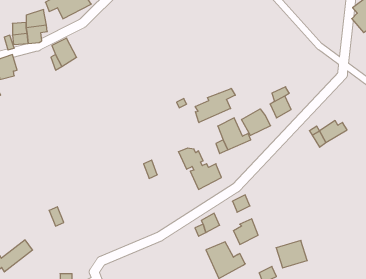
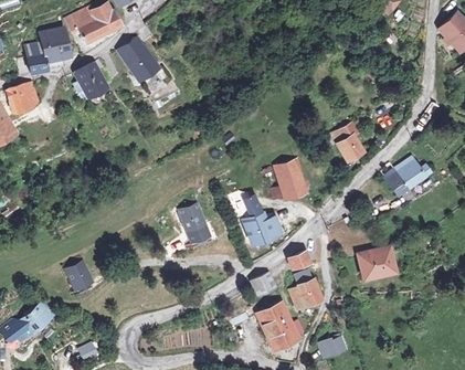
building: none -> [119,33,157,80]
building: [195,88,235,123] -> none
building: [242,109,271,135] -> none
building: [276,240,307,268] -> [361,247,399,281]

